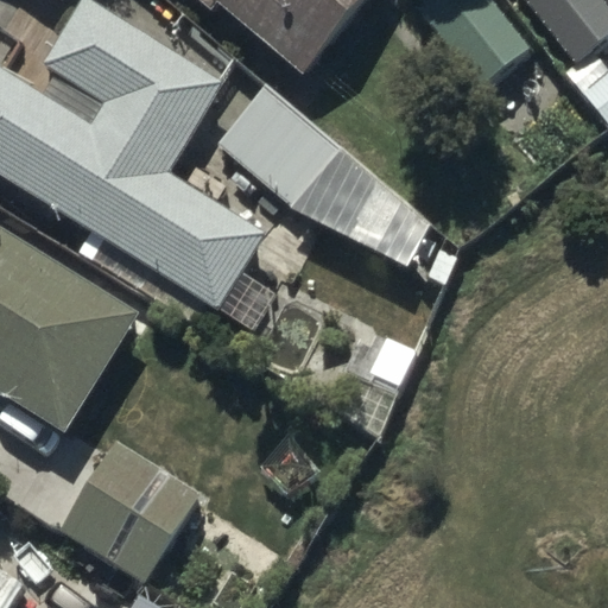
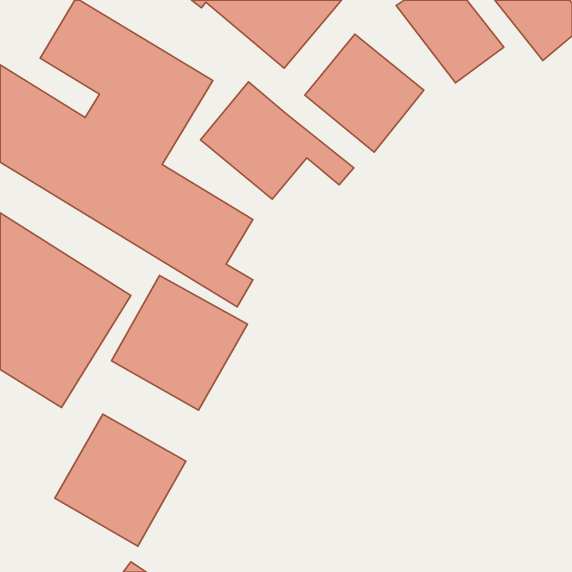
building: none -> [305,34,424,152]
building: none -> [112,275,247,410]

